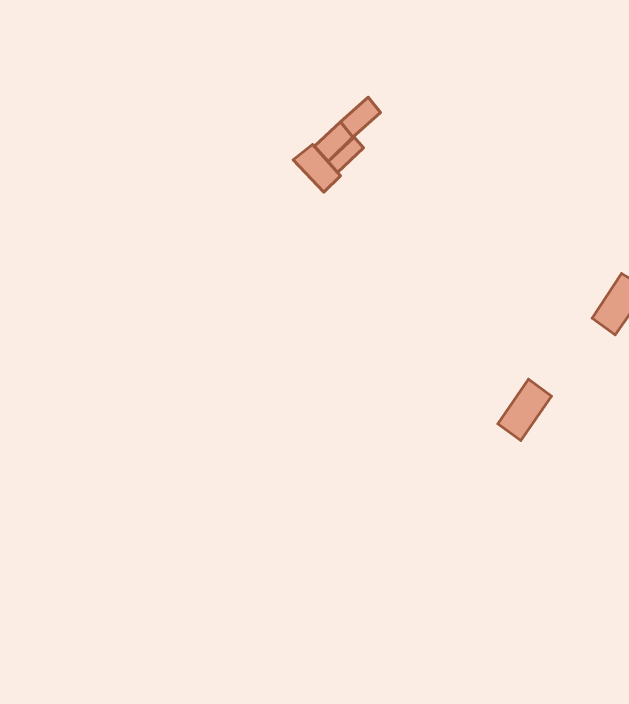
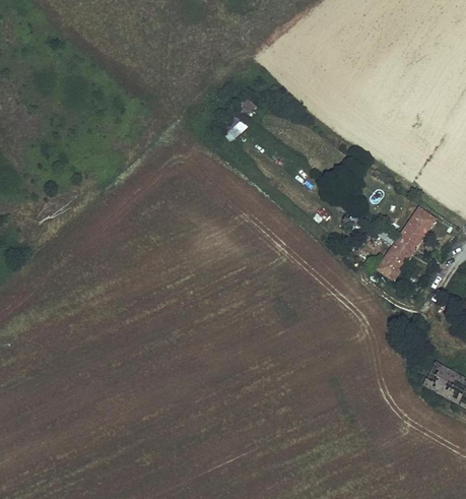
building: [293,144,341,192] -> none
building: [498,379,552,441] -> [379,238,414,278]

